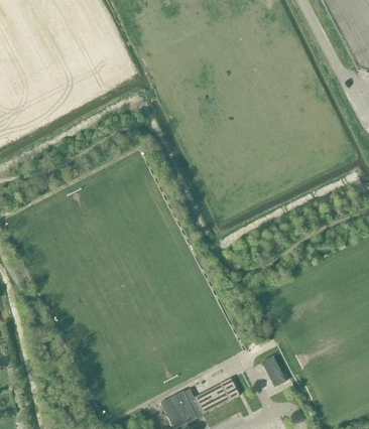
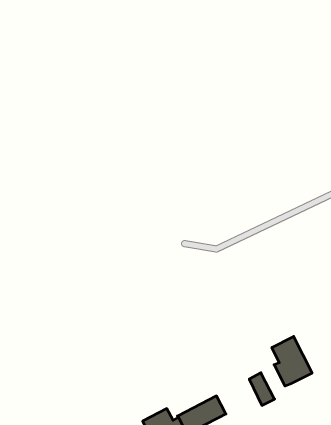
building: none -> [272,336,312,386]

